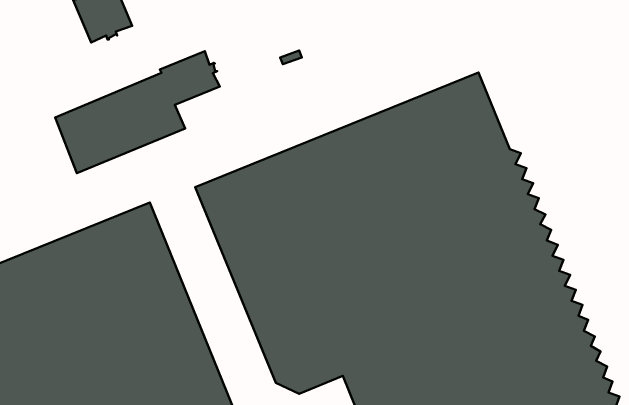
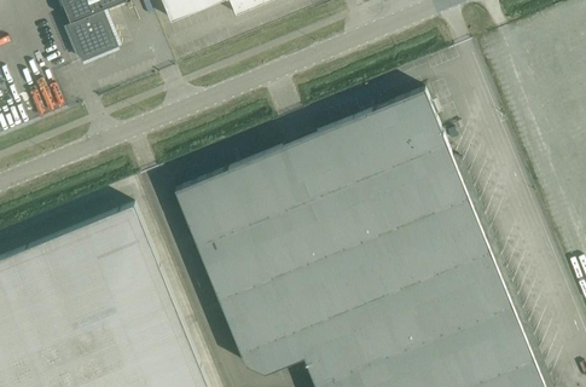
building: [55,51,220,173] -> none

